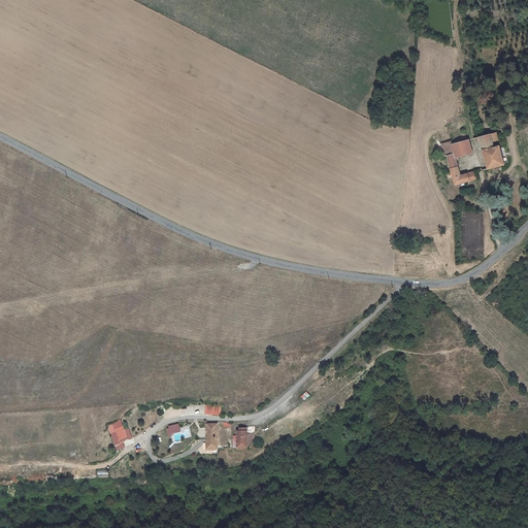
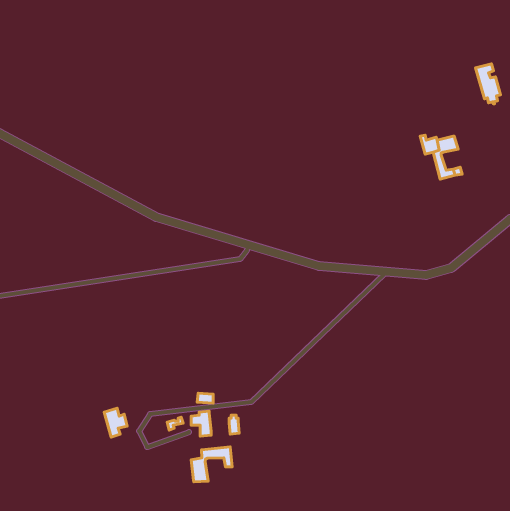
building: [478,133,504,174] -> [475,64,500,104]
building: none -> [191,447,232,482]

